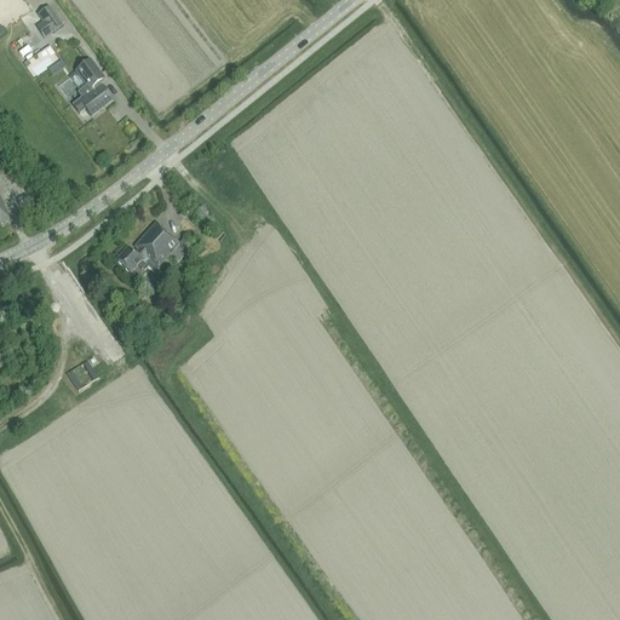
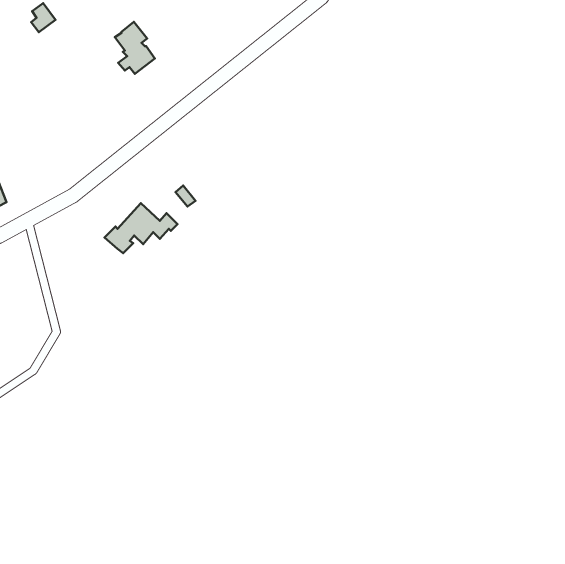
building: [67,58,110,115] -> [115,22,155,74]

